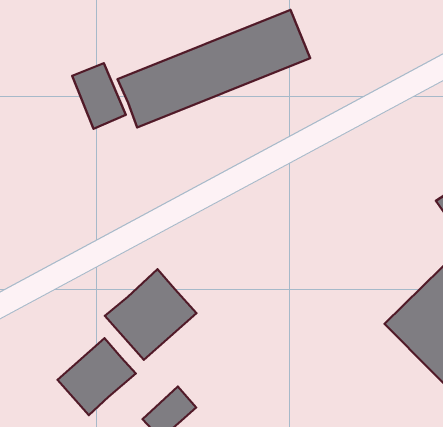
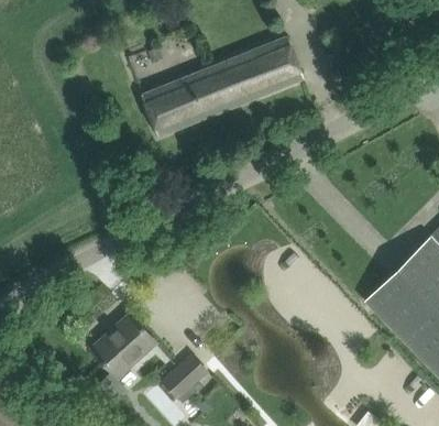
building: [72,63,126,129] -> none
building: [105,269,197,360] -> none

